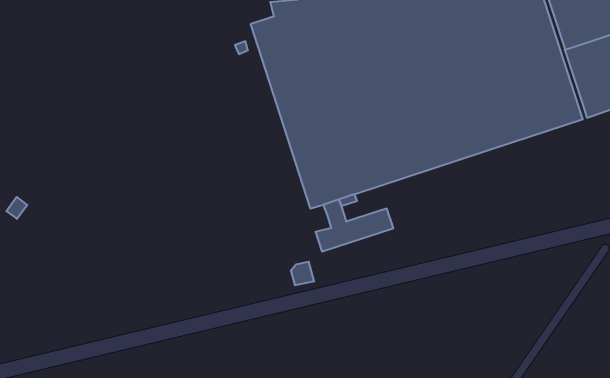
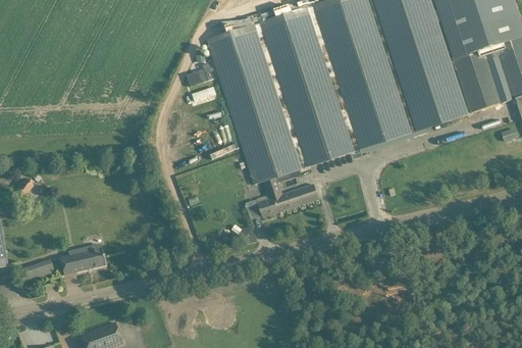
building: none -> [59,247,105,276]
building: none -> [18,259,54,283]

